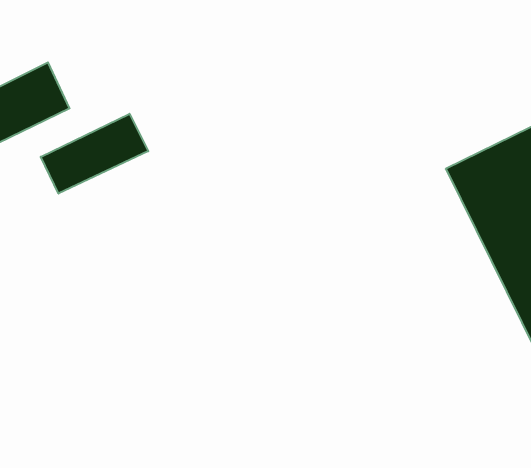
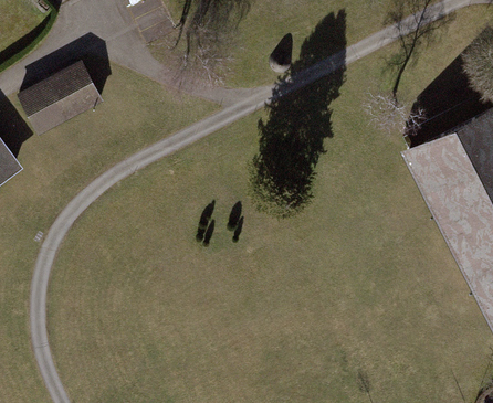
building: [41,114,148,194] -> none

